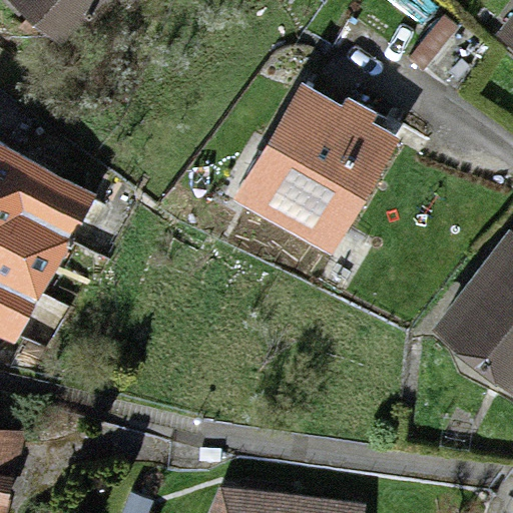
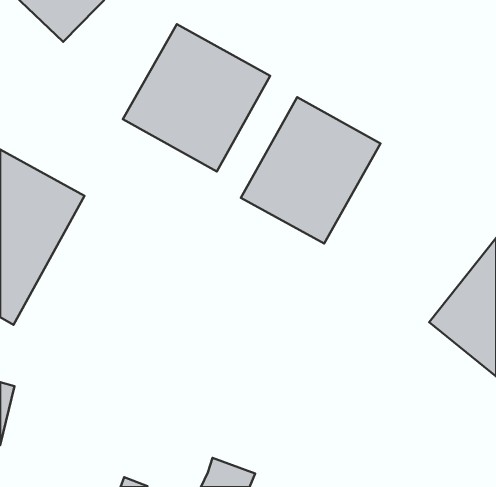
building: none -> [123,24,270,172]

